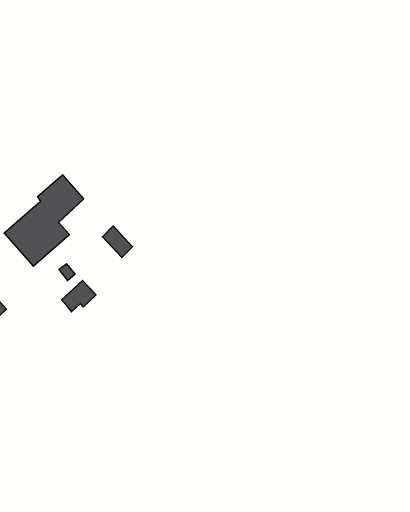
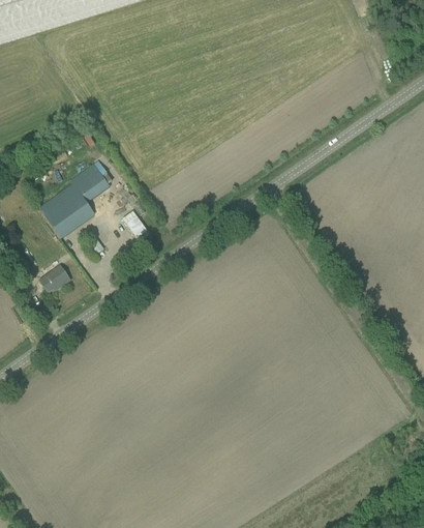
building: [62,280,96,312] -> [40,266,70,292]

